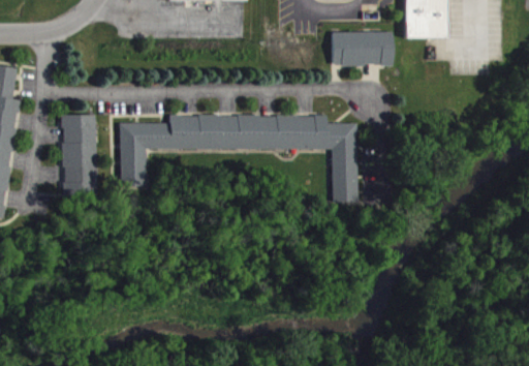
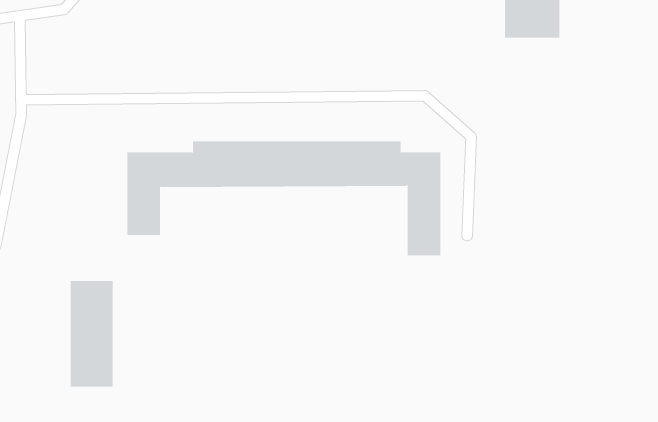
building: [332,32,394,67] -> none
building: [63,115,96,195] -> [70,280,114,387]

